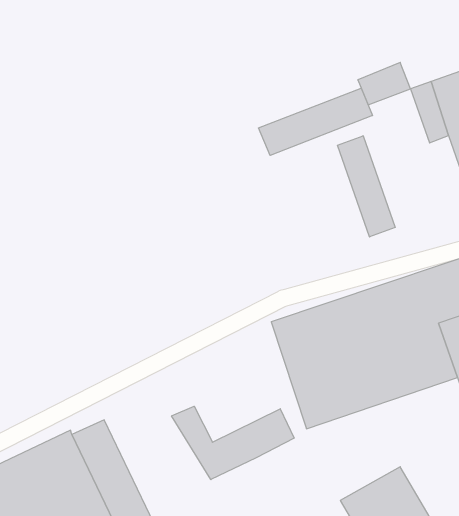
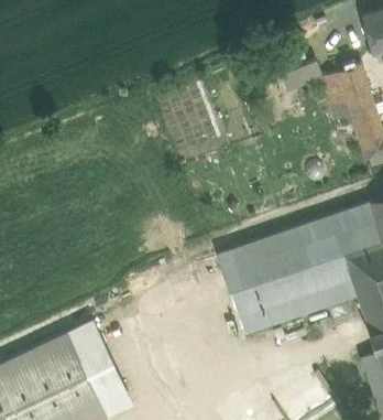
building: [259,88,372,155] -> none
building: [338,136,395,237] -> none
building: [172,406,294,480] -> none

